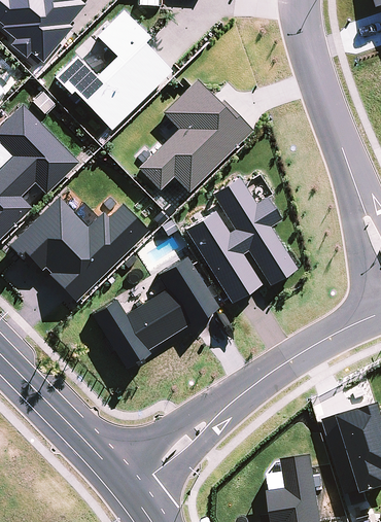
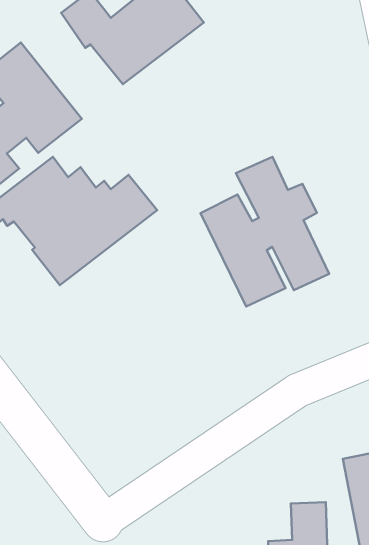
building: [134,79,254,195] -> none
building: [92,255,219,368] -> none

